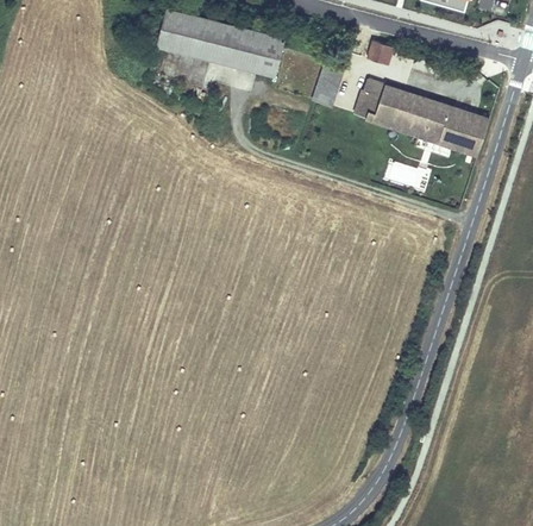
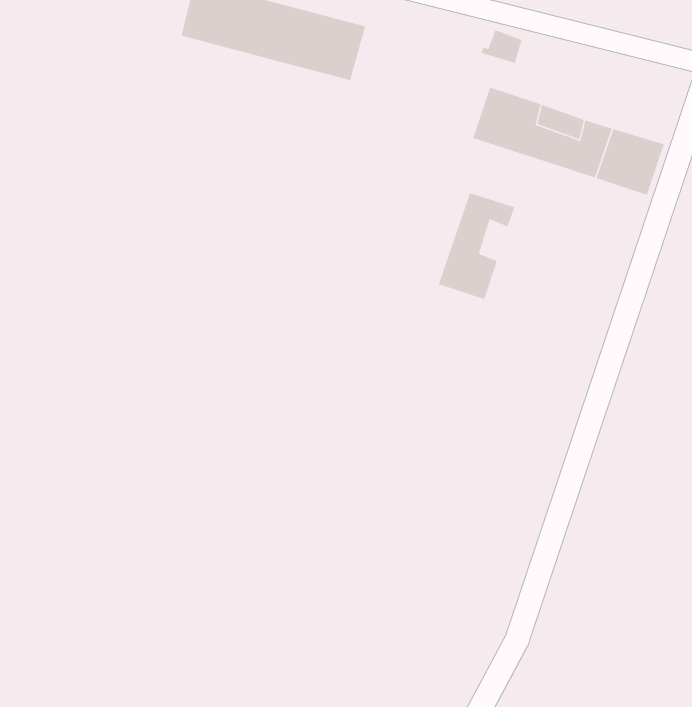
building: [312,64,341,105] -> none
building: none -> [438,192,515,300]

